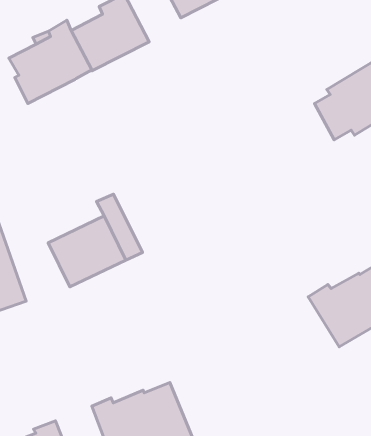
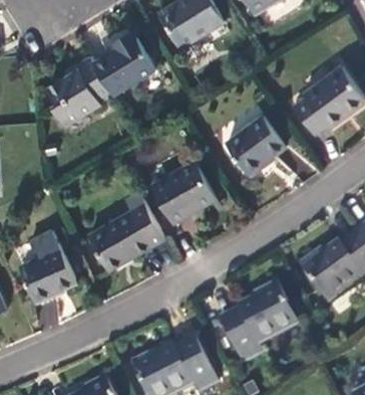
building: none -> [226,117,284,172]
building: none -> [151,160,216,222]
building: none -> [220,281,294,362]

